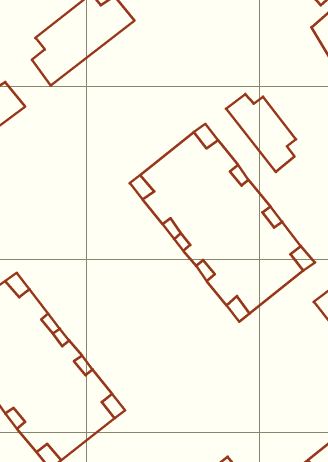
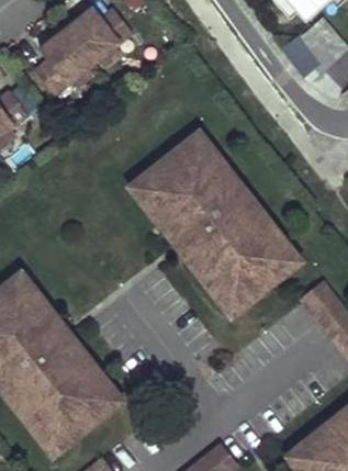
building: [226,94,296,172] -> none

